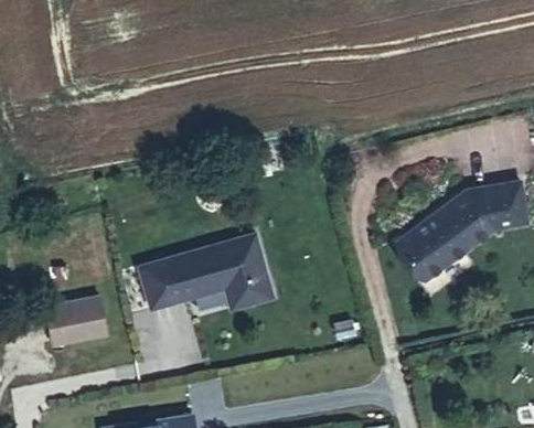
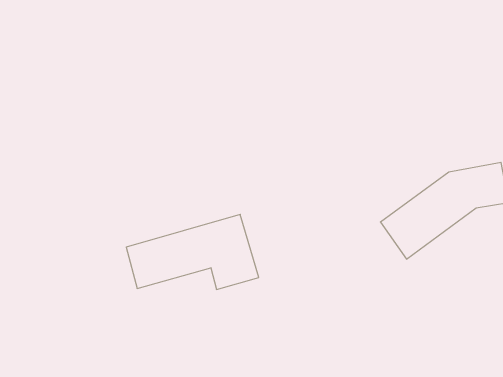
building: [46,297,108,346] -> none

